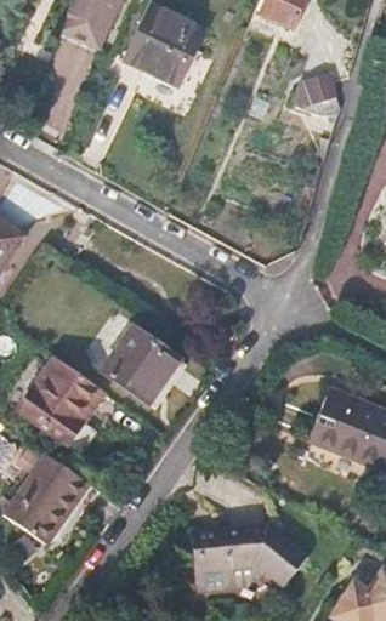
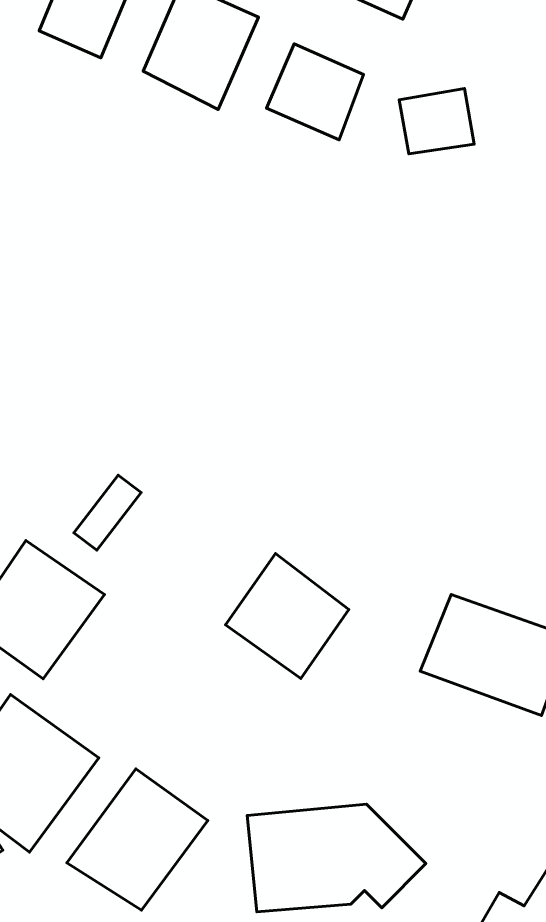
building: none -> [267,44,364,140]
building: [102,325,180,404] -> [226,554,349,679]
building: none -> [67,769,208,910]

